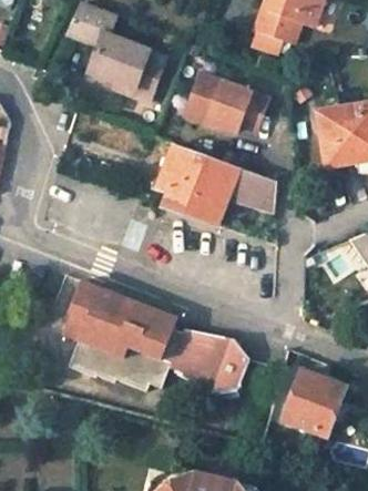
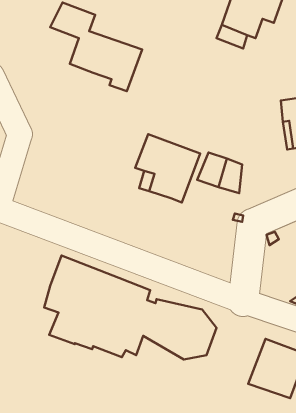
building: [186,73,267,131] -> none

